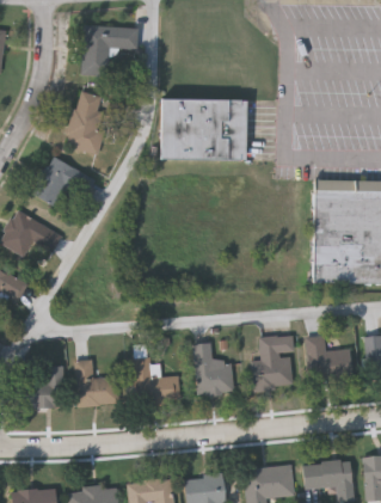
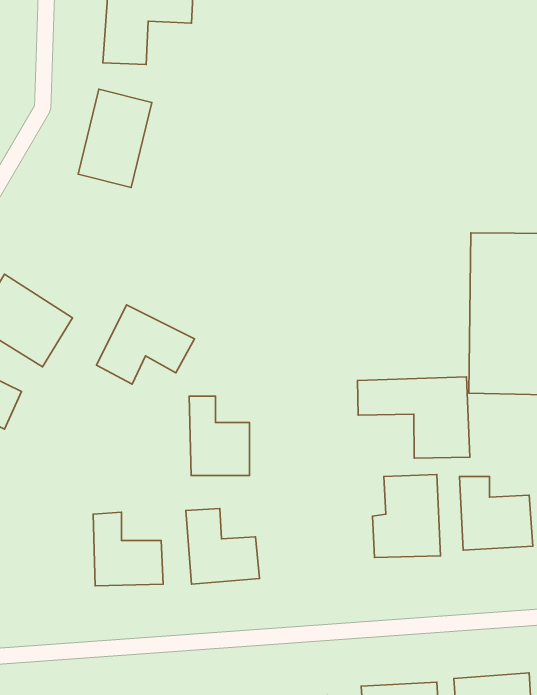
building: [159,99,246,160] -> none
building: [32,157,94,207] -> [96,305,195,384]
building: none -> [358,377,470,458]
building: [193,343,232,393] -> [189,396,250,475]
building: [23,366,62,407] -> none

